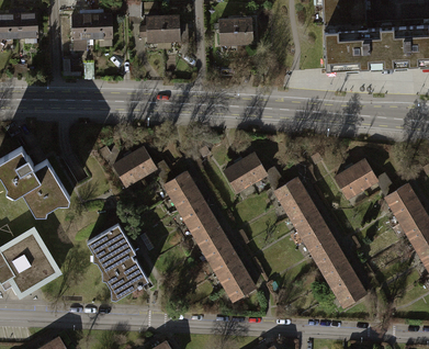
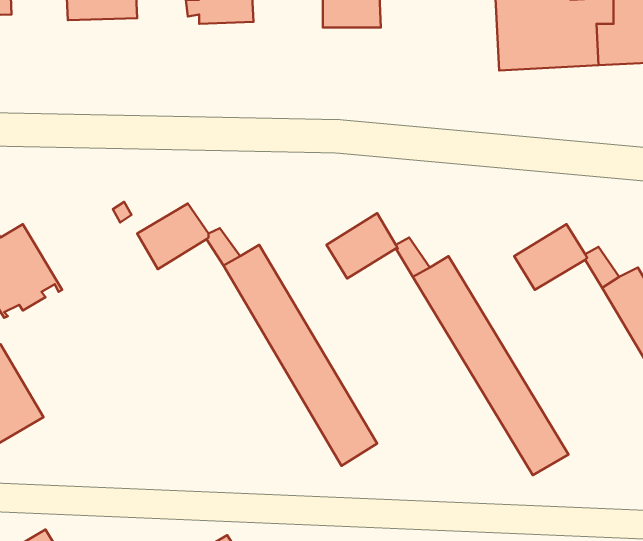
building: [87,224,147,299] -> none

